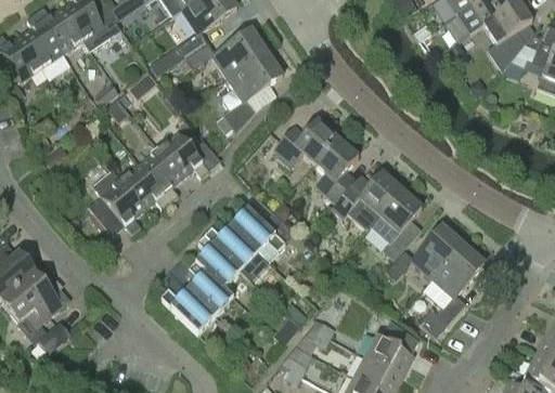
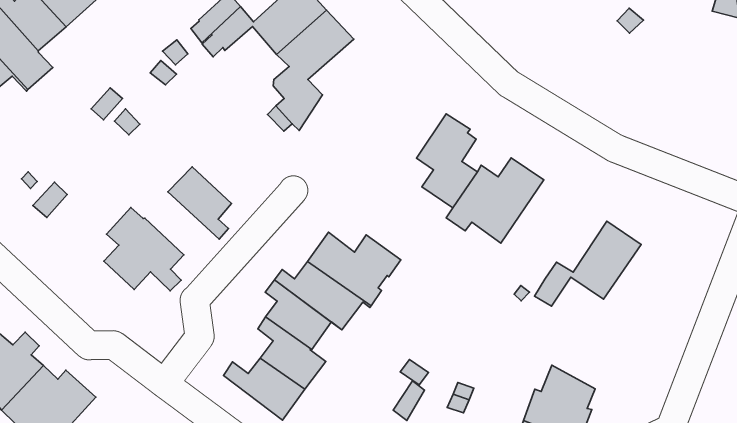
building: [274,119,340,165] -> none
building: [158,132,220,178] -> none
building: [120,163,170,209] -> none
building: [366,191,422,260] -> none
building: [418,245,485,338] -> none

